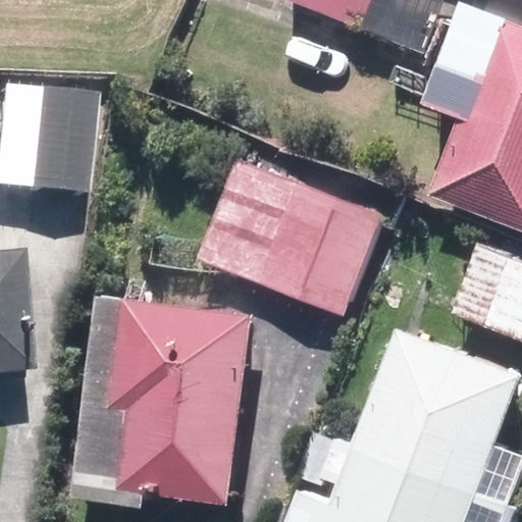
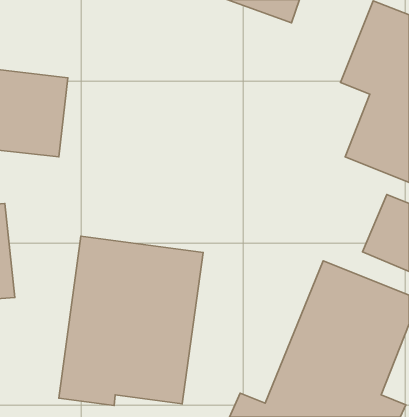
building: [198,158,382,316] -> none

